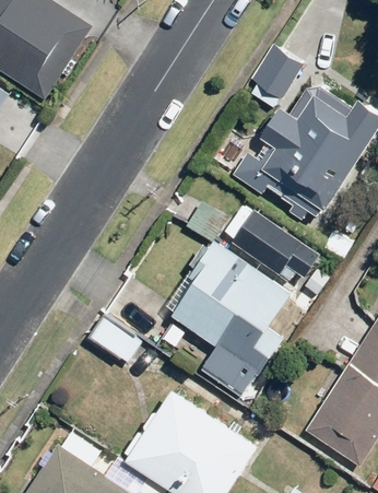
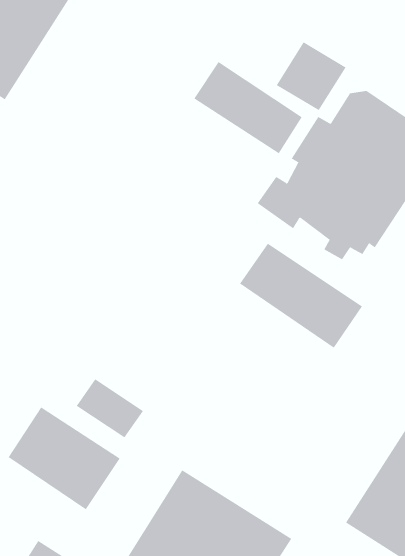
building: none -> [194,61,303,154]
building: [162,244,287,378] -> none
building: none -> [8,406,120,510]

